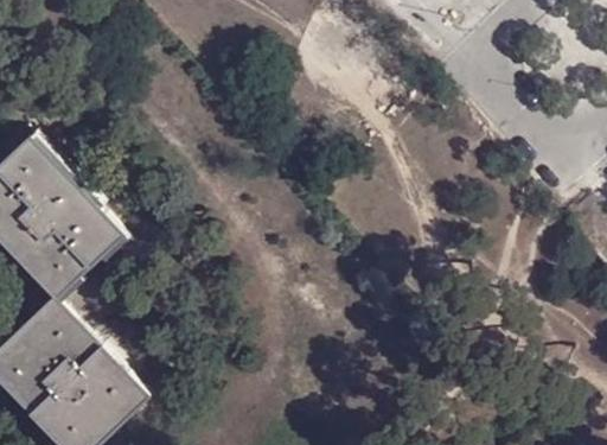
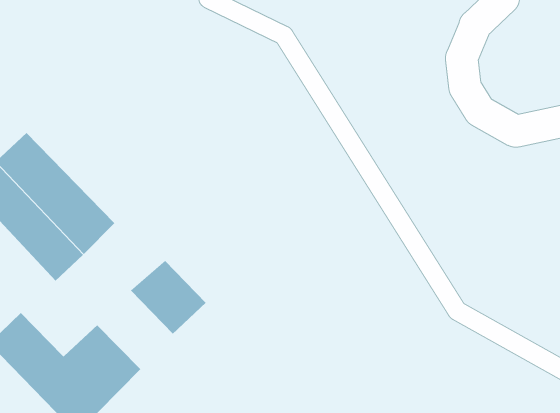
building: [23,300,103,379] -> [130,260,207,334]

